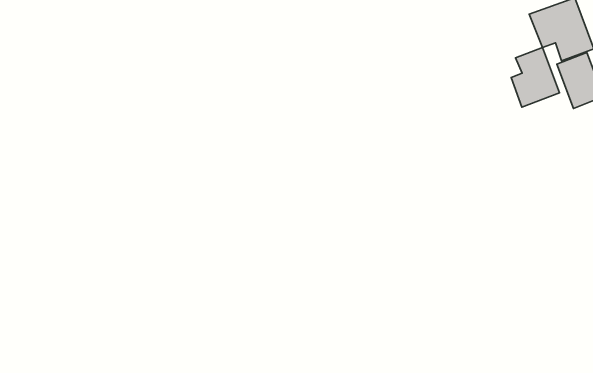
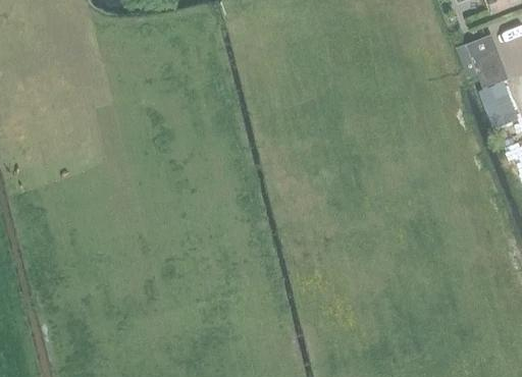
building: [511,48,560,107] -> none

